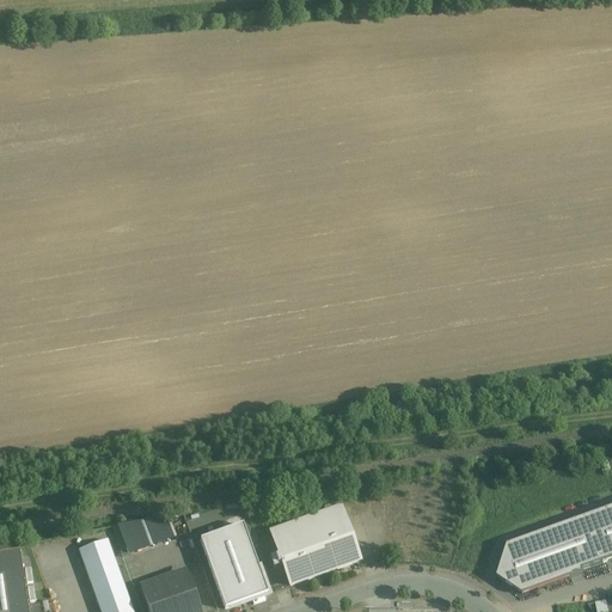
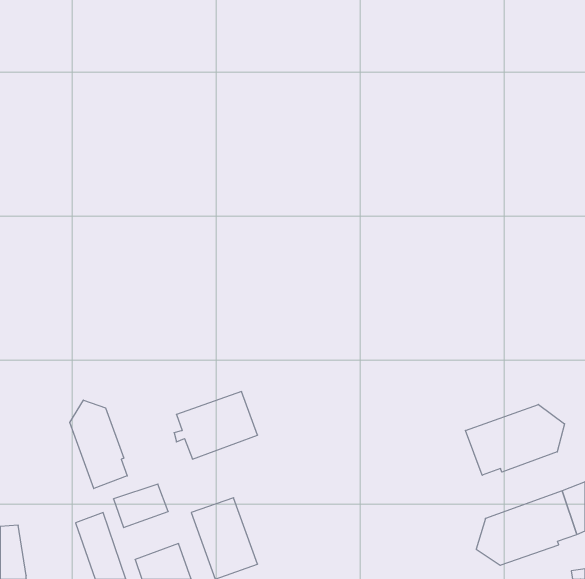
building: none -> [70,400,127,489]
building: none -> [465,404,565,475]
building: [271,512,359,582] -> [174,392,258,459]

